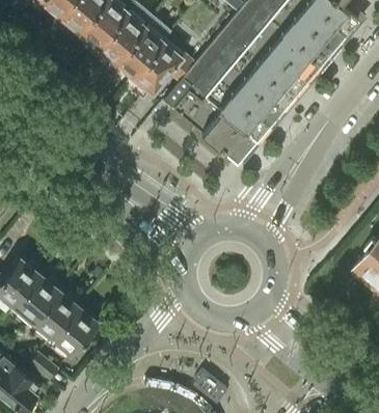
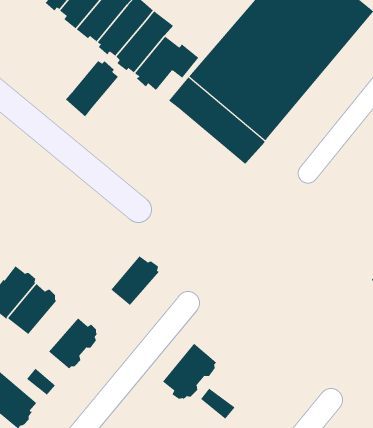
building: none -> [65,60,119,117]
building: [33,291,80,338] -> [110,255,160,306]
building: none -> [162,343,217,400]

